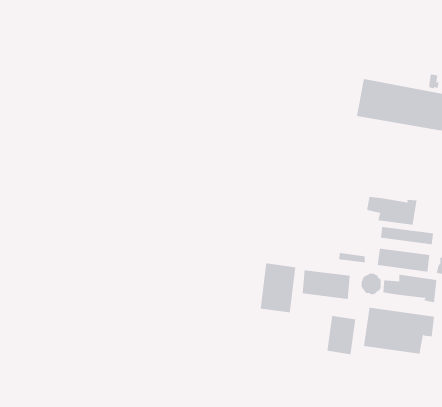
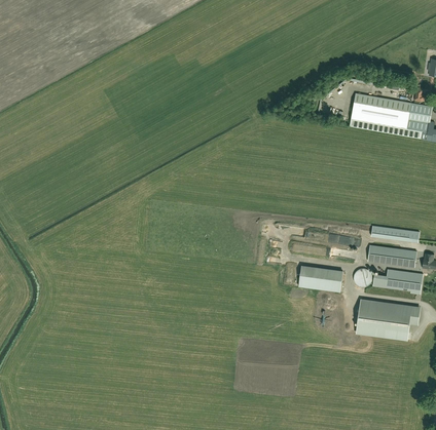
building: [367,196,417,226] -> none
building: [260,263,296,313] -> none
building: [327,315,356,355] -> none

